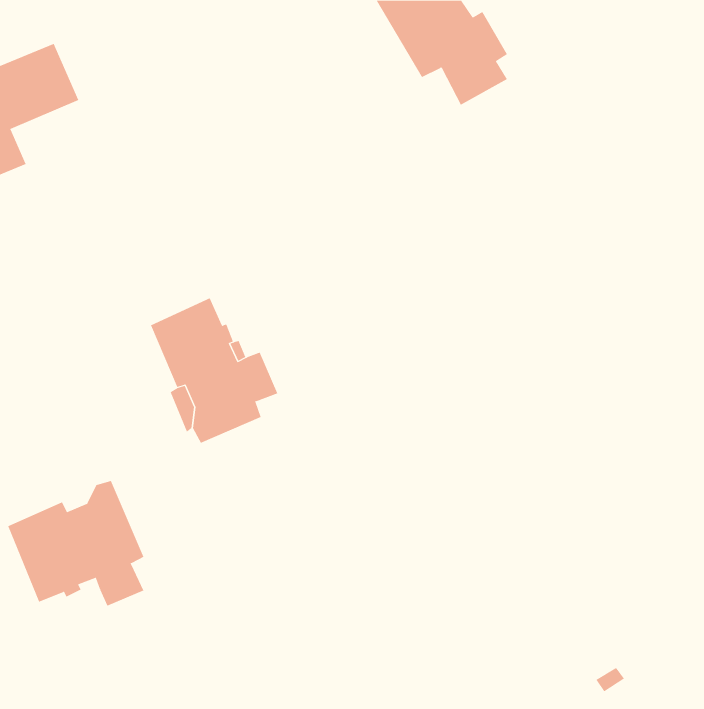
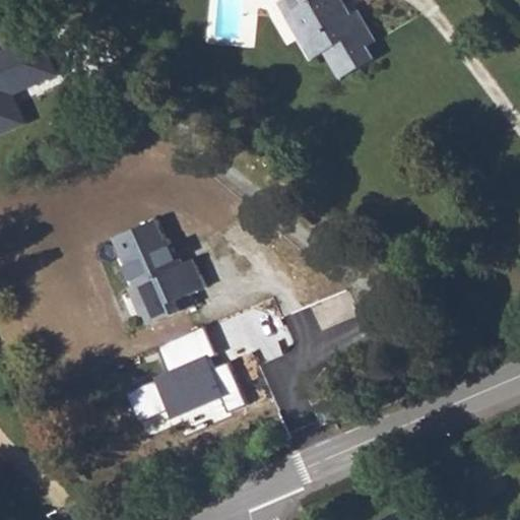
building: none -> [133,327,246,425]
building: [8,480,144,607] -> none

